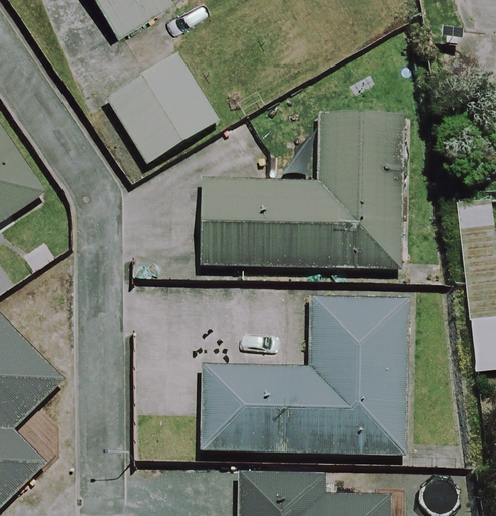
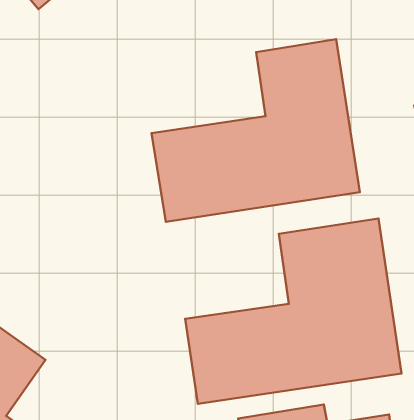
building: [106,55,215,163] -> none

